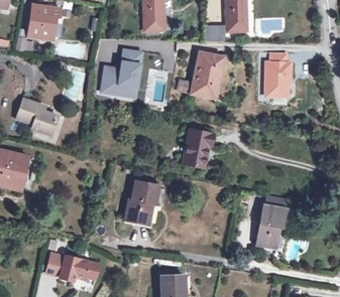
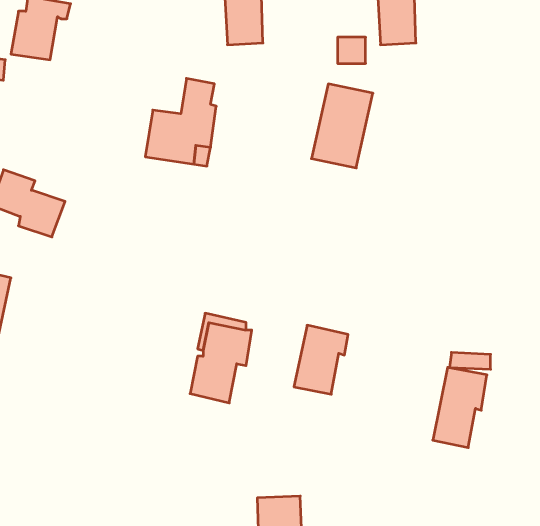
building: [266,52,291,97] -> none
building: [184,129,213,166] -> [294,325,348,394]
building: [47,255,99,281] -> none

